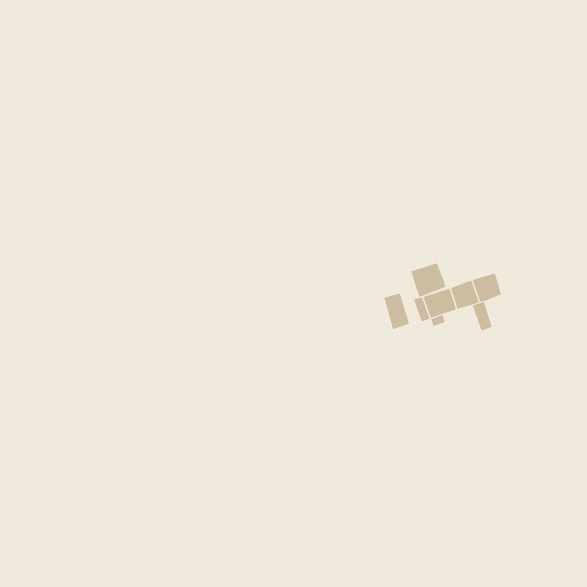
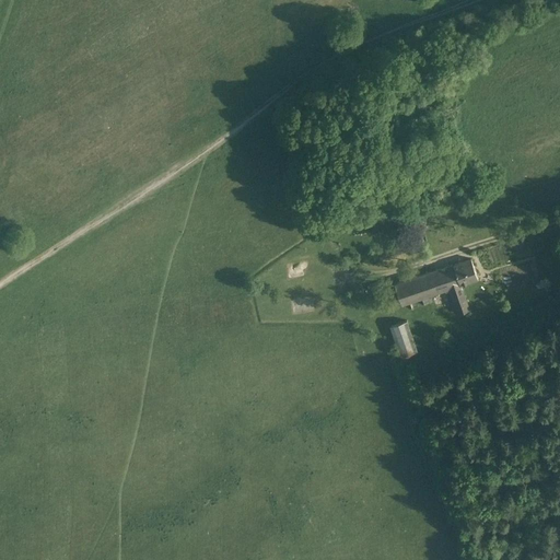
building: [410,262,447,298] -> none
building: [383,293,410,330] -> [389,324,415,359]

